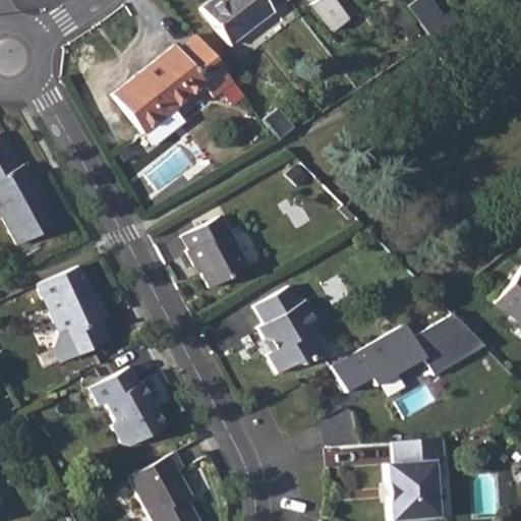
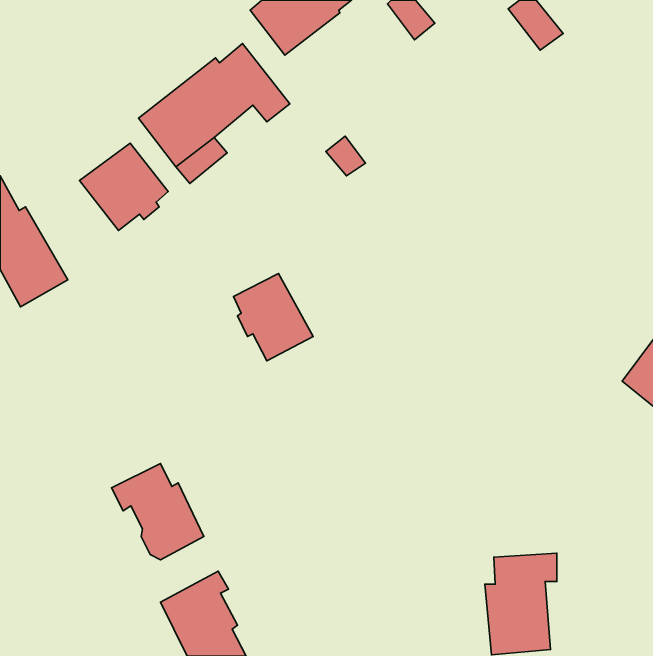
building: none -> [80,143,168,231]
building: [38,265,109,361] -> none
building: [257,285,325,370] -> none
building: [334,314,487,392] -> none

